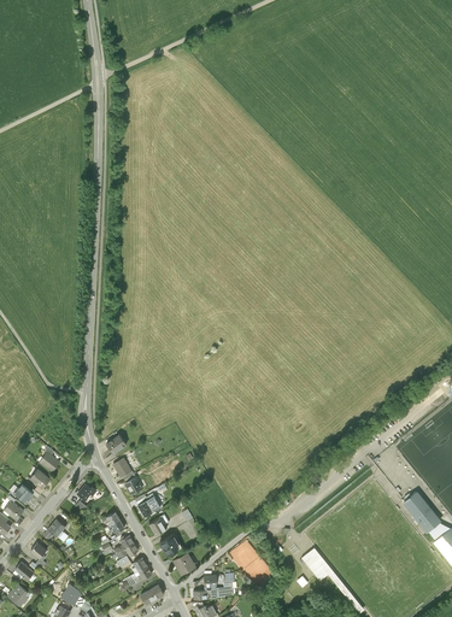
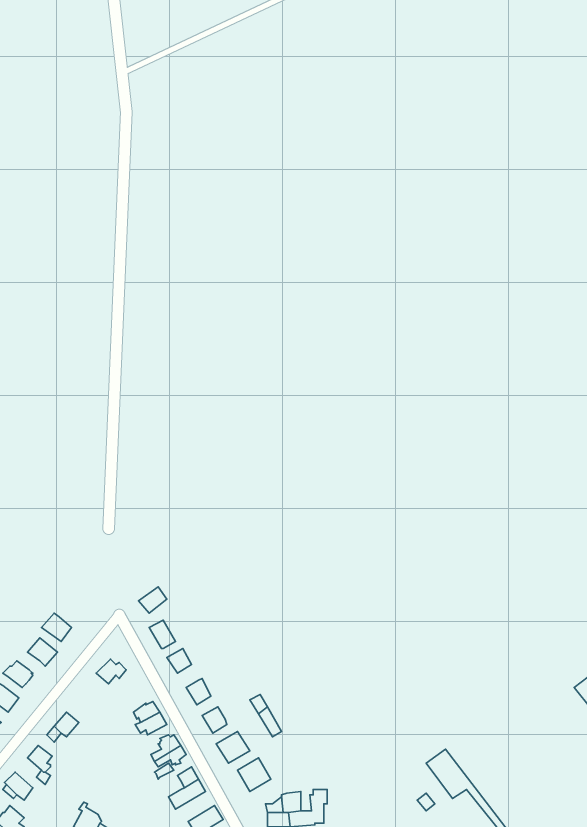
building: [228,540,262,576] -> none

